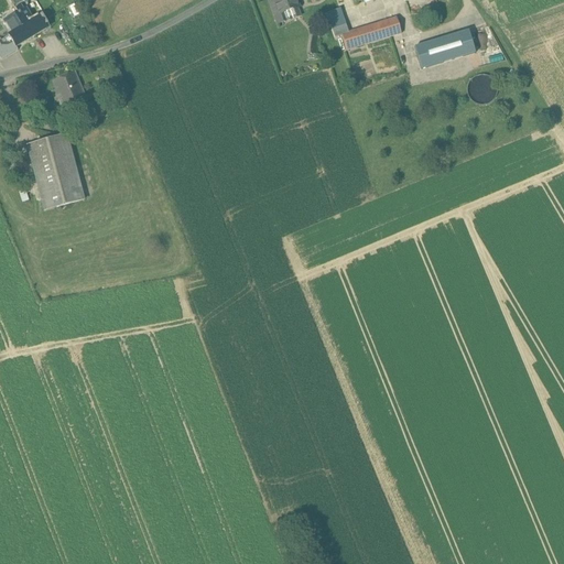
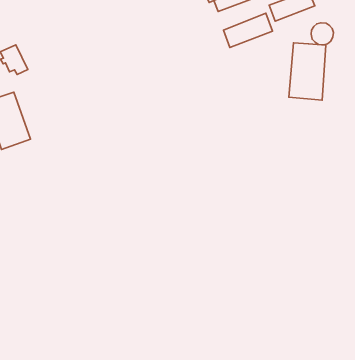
building: none -> [224,13,273,47]
building: none -> [289,43,326,100]

